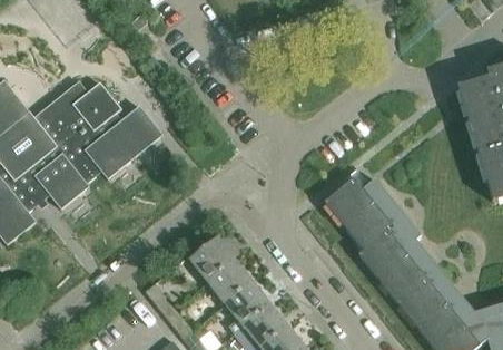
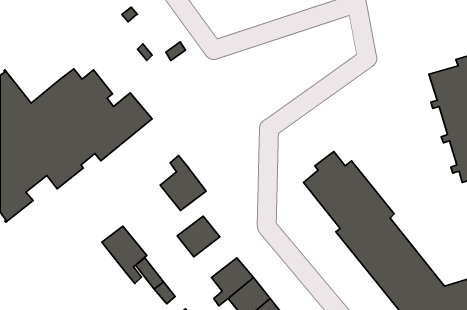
building: none -> [160,156,206,210]
building: none -> [102,226,147,283]
building: [207,259,253,302] -> none

